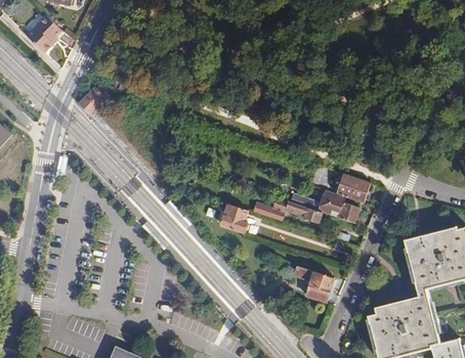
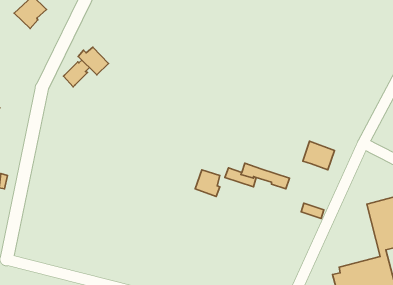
building: none -> [78,47,109,75]
building: [291,189,360,223] -> none
building: [293,265,334,302] -> none

